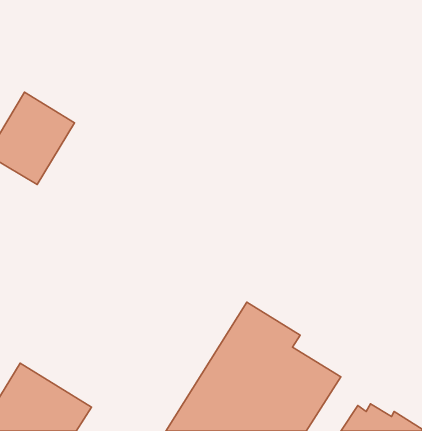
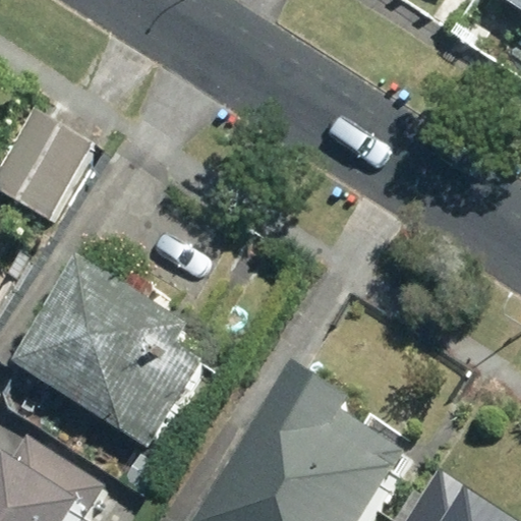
building: none -> [10,258,208,451]

